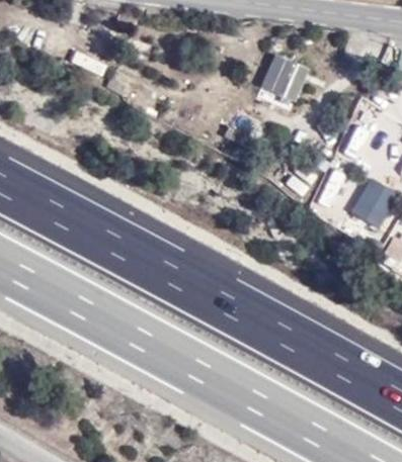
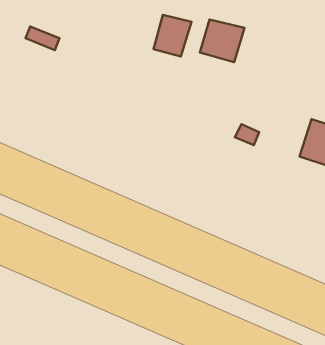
building: none -> [153,15,191,56]

